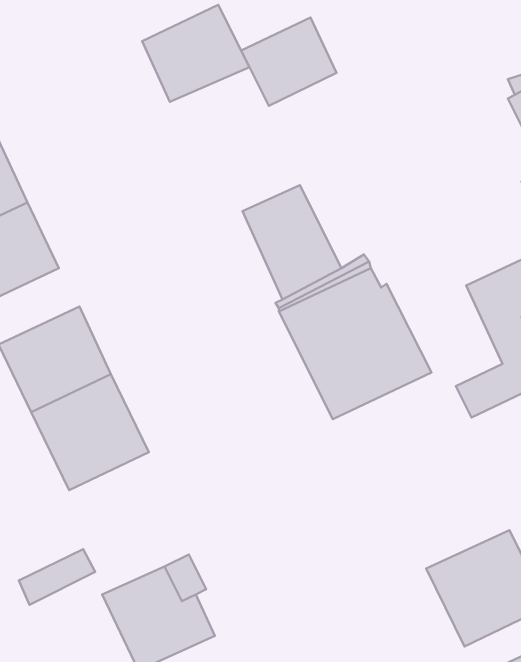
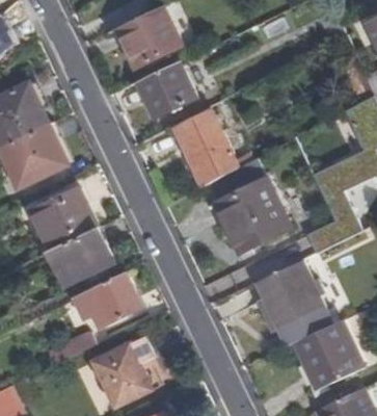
building: [241,17,336,106] -> [138,62,195,115]
building: none -> [253,260,323,330]
building: none -> [74,272,141,326]

